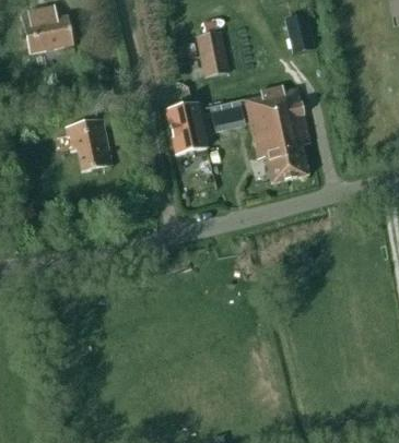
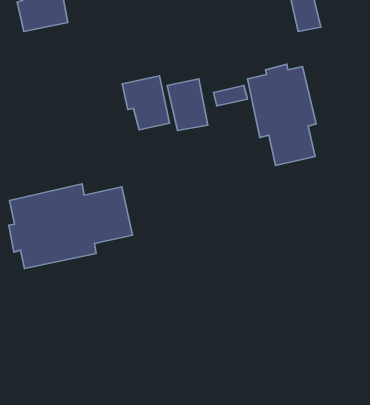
building: [198,32,231,76] -> none
building: [66,119,112,171] -> [122,76,170,130]
building: none -> [9,184,132,268]

